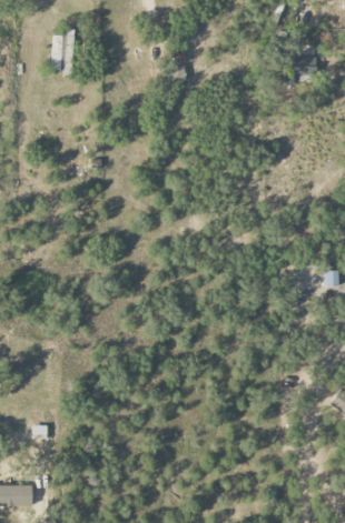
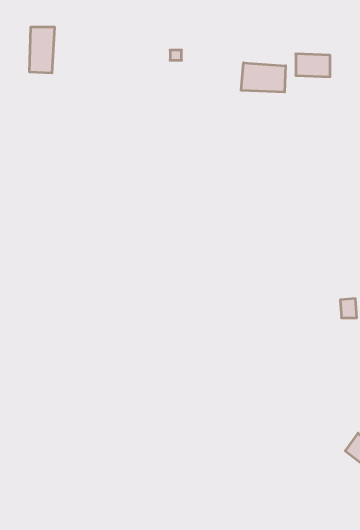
building: none -> [241,63,286,92]

